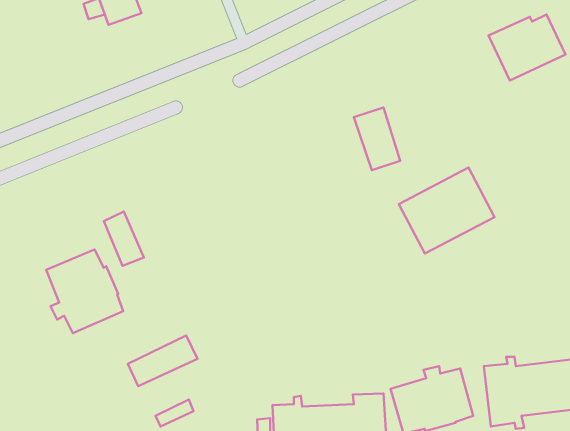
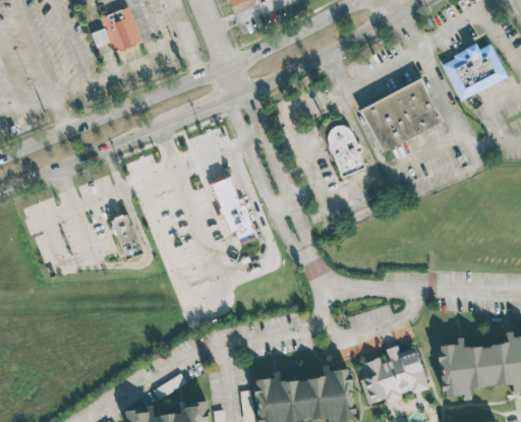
building: none -> [212,170,258,243]
building: [399,167,495,254] -> [358,77,441,152]
building: [46,249,123,333] -> none
building: [128,335,198,386] -> none

